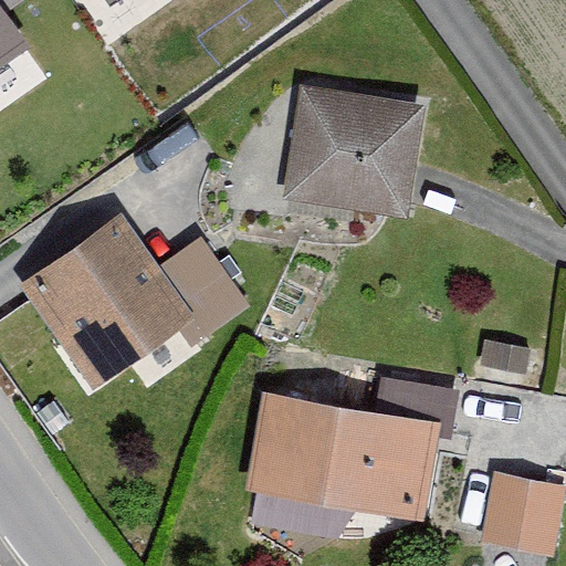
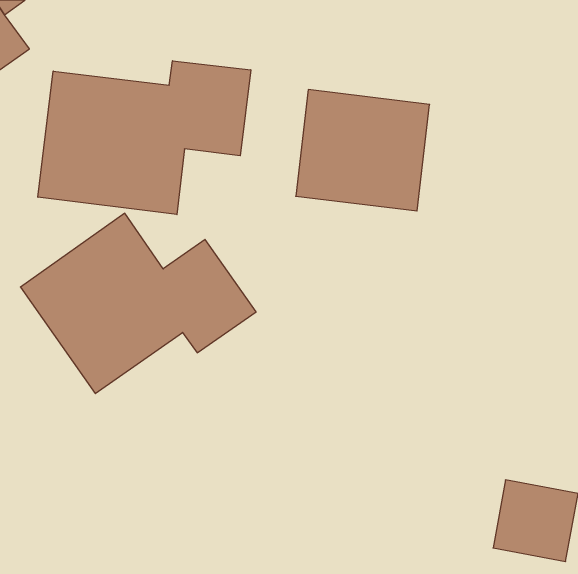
building: none -> [38,61,251,215]
building: [249,394,438,516] -> none

